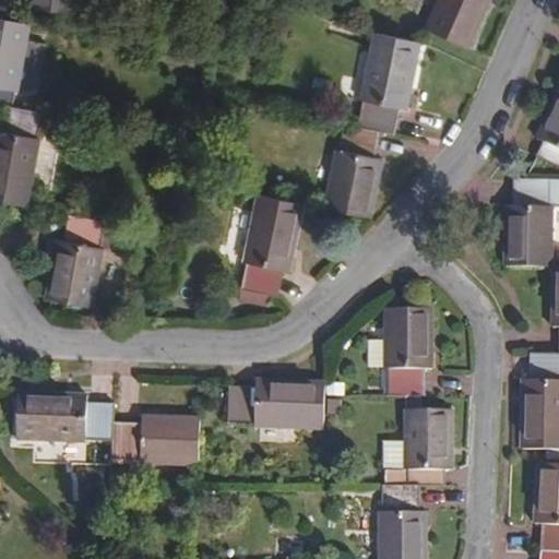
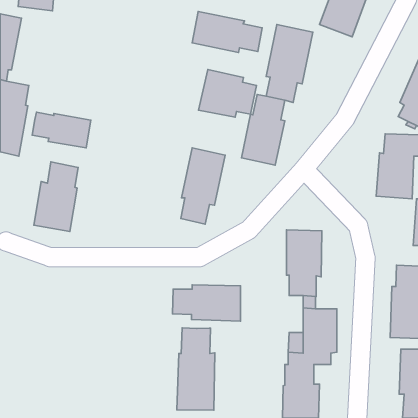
building: none -> [192,11,262,52]
building: none -> [198,70,256,117]
building: none -> [32,112,91,148]
building: [16,395,201,463] -> none
building: none -> [177,328,215,410]

